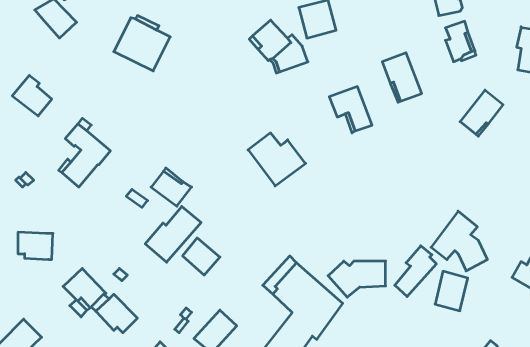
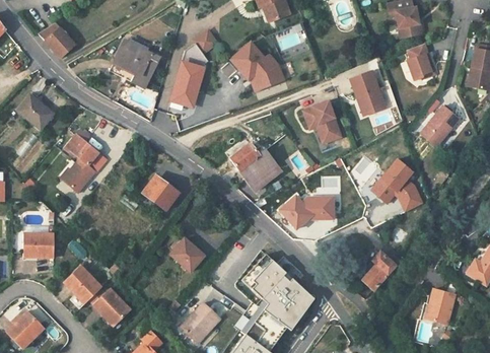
building: none -> [171,29,217,104]
building: [145,206,201,262] -> none
building: [431,211,487,271] -> [373,158,424,212]
building: [328,261,386,297] -> [281,196,333,228]
building: [435,271,468,311] -> [425,288,454,324]

